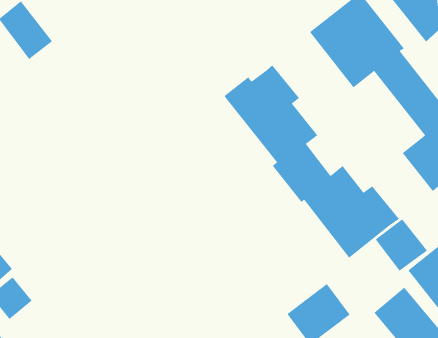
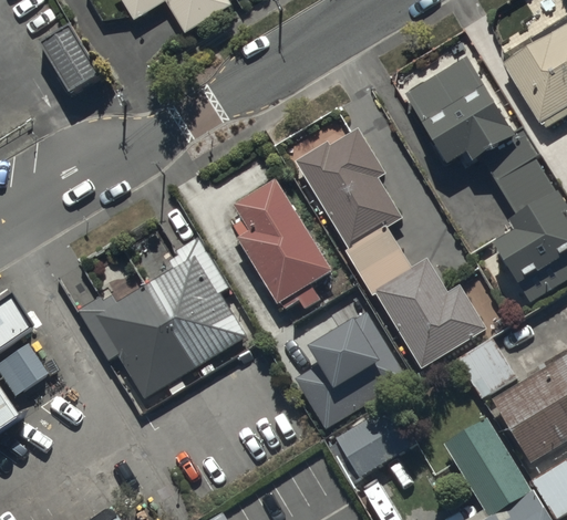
building: none -> [235,183,334,309]
building: none -> [76,229,246,391]
building: none -> [297,314,408,428]

